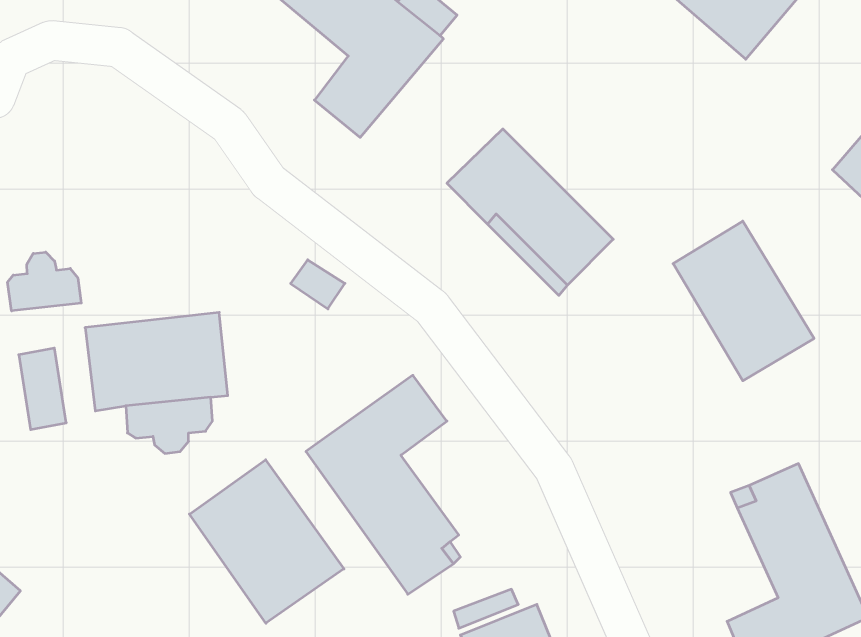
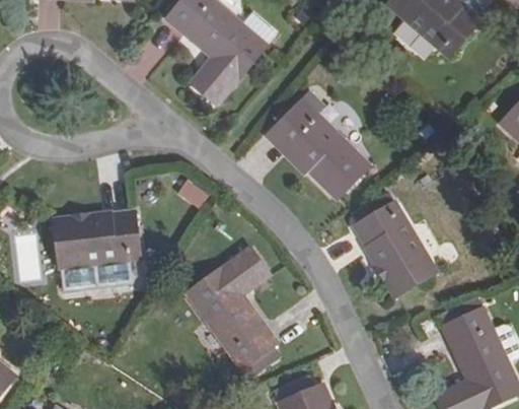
building: [673,221,814,381] -> [353,202,437,297]
building: [8,252,81,311] -> none
building: [189,460,344,623] -> none

